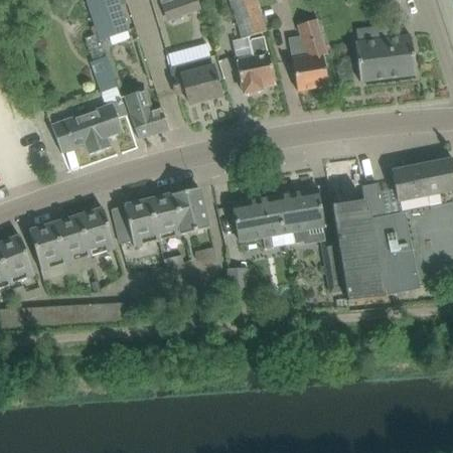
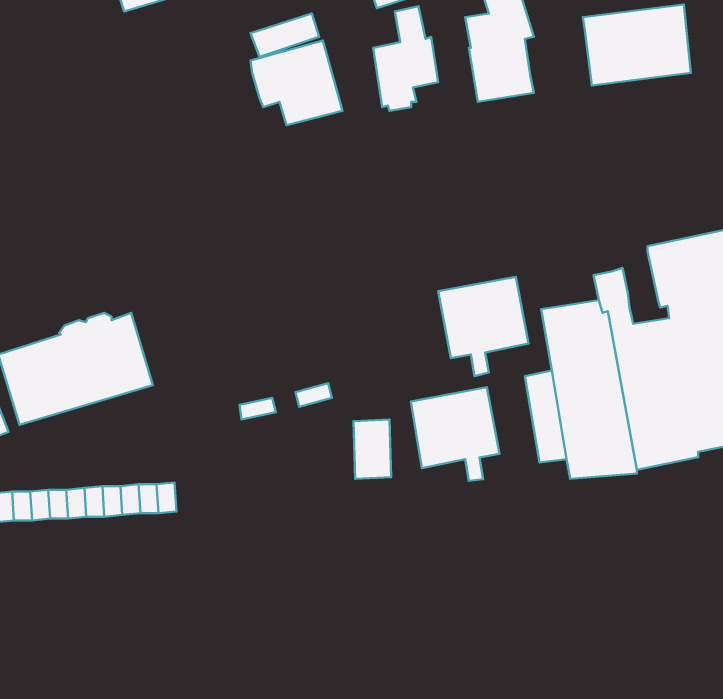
building: [52,54,127,153] -> none
building: [126,88,169,138] -> none
building: [112,186,209,245] -> none
building: [233,194,282,247] -> [411,387,499,481]

